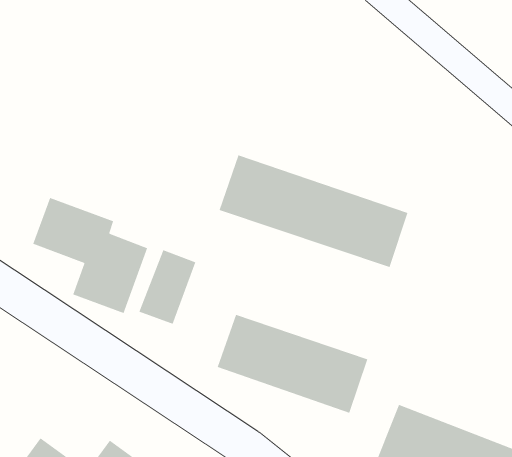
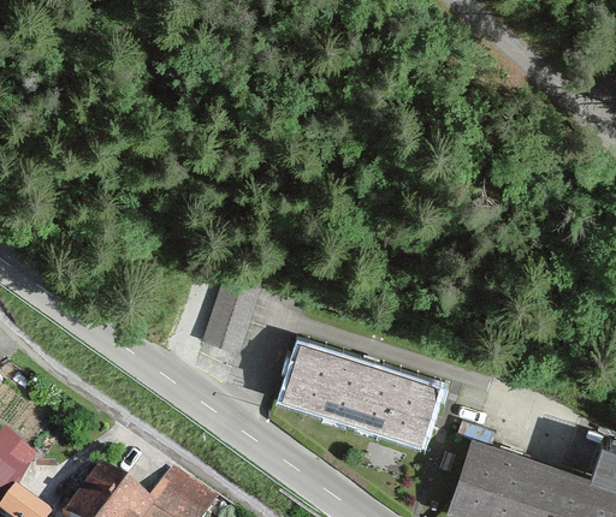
building: [219,154,408,268] -> none
building: [32,197,148,314] -> none

